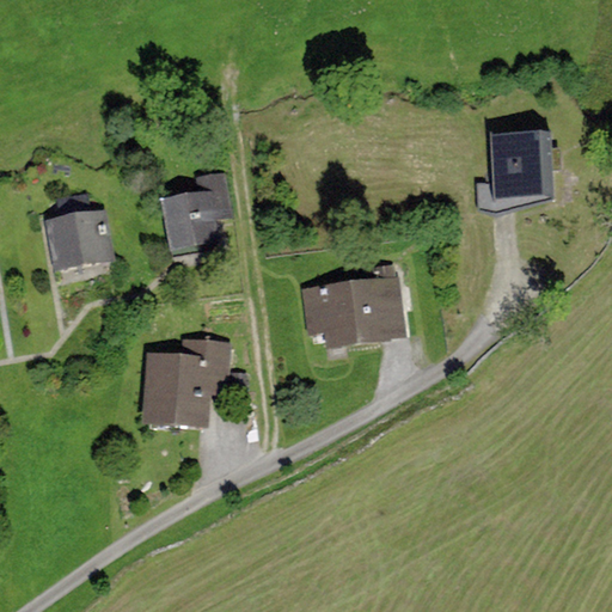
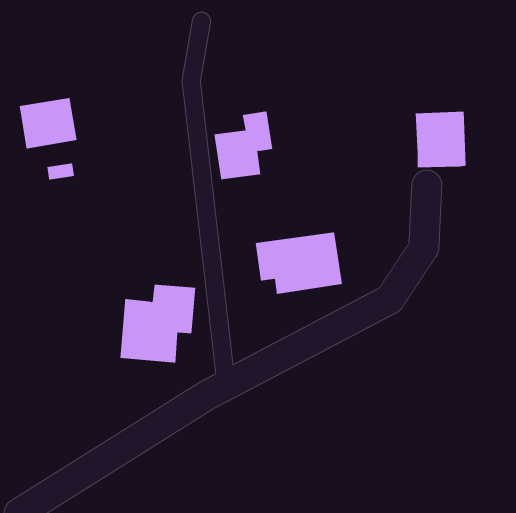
building: [161,170,232,251] -> [214,111,273,180]
building: [43,210,112,271] -> [19,98,77,149]

